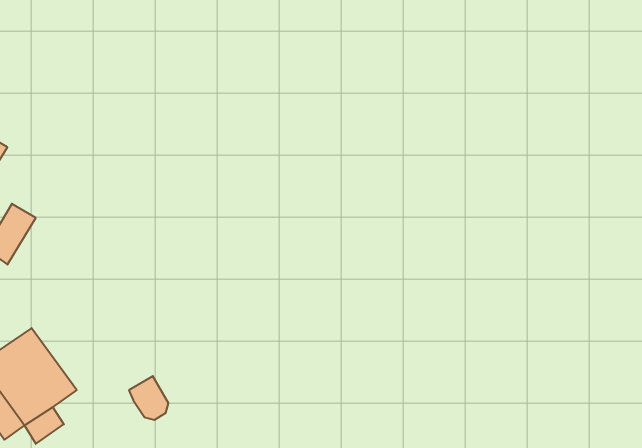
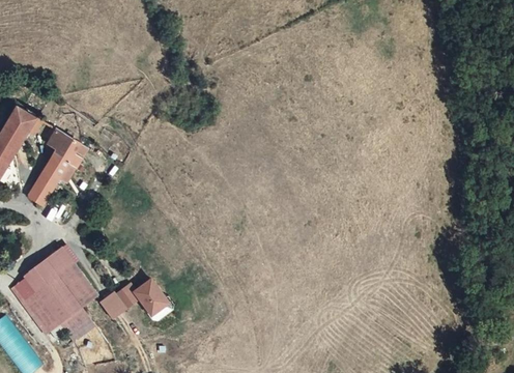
building: none -> [47,123,83,169]
building: none -> [97,287,136,317]

